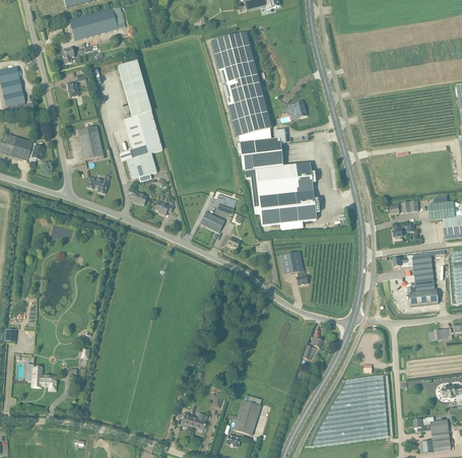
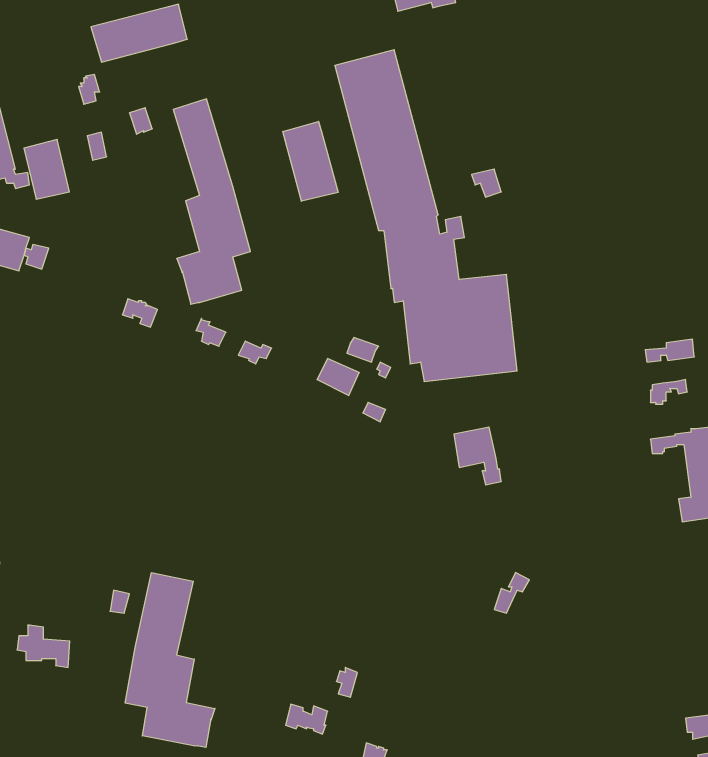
building: none -> [283,121,338,201]
building: [77,125,104,159] -> [24,139,69,199]
building: none -> [125,573,215,747]
building: [233,394,261,435] -> none

